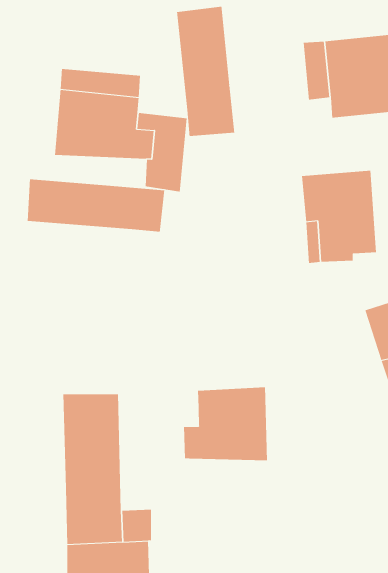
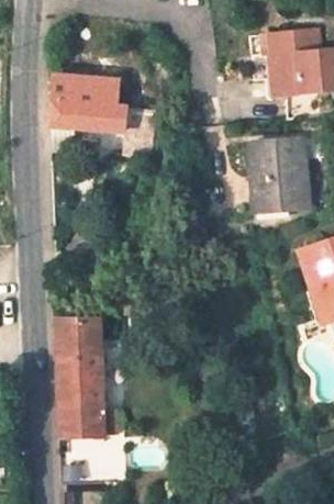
building: [176,6,235,137] -> none
building: [27,178,165,233] -> none
building: [183,387,267,461] -> none

